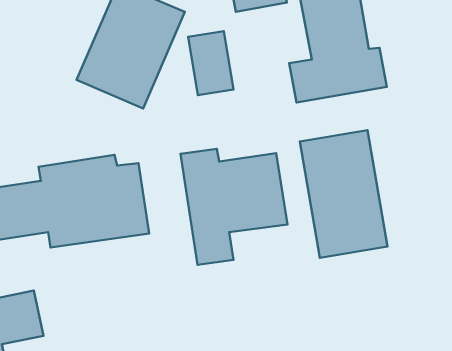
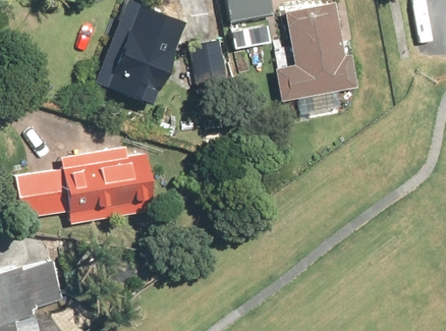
building: [300,130,387,258] -> none
building: [180,149,287,265] -> none

